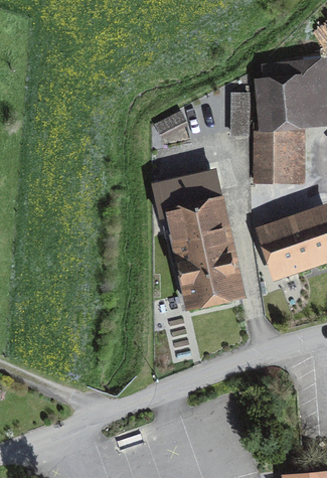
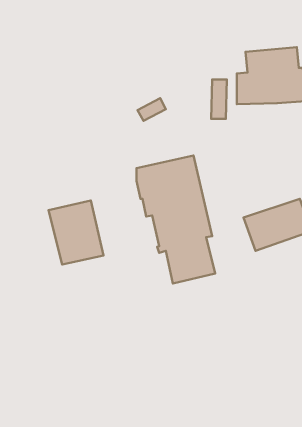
building: [259,119,302,179] -> none
building: none -> [48,200,104,265]

